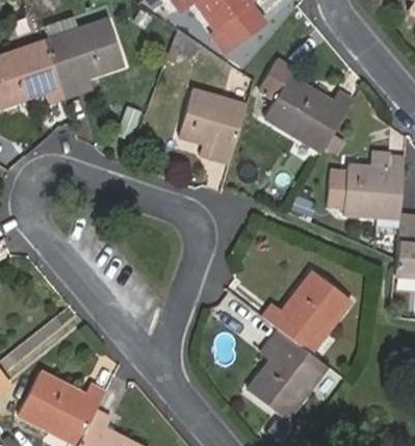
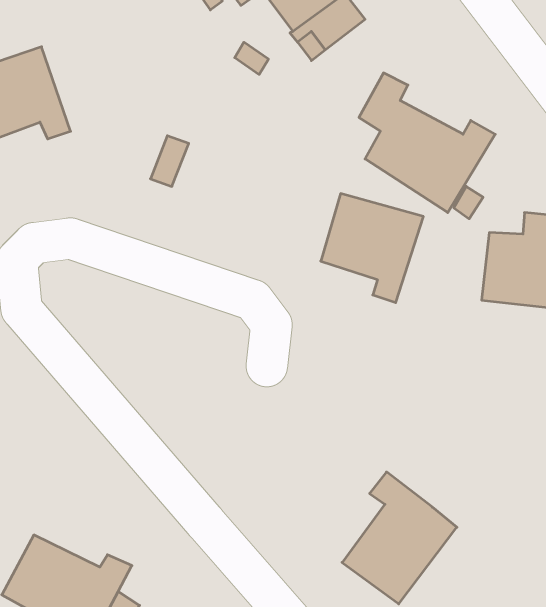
building: [45,20,122,98] -> none
building: [177,89,247,163] -> [321,194,423,303]
building: [265,270,349,352] -> none

